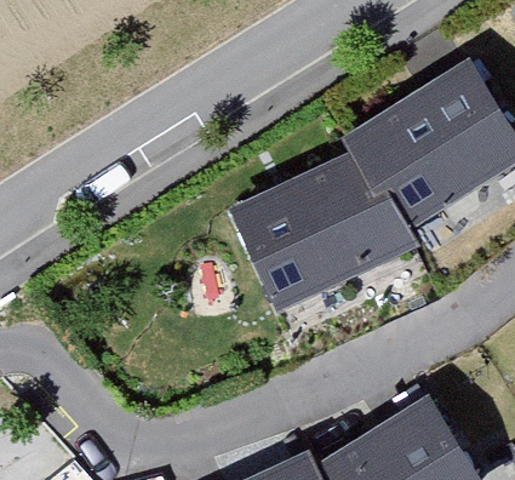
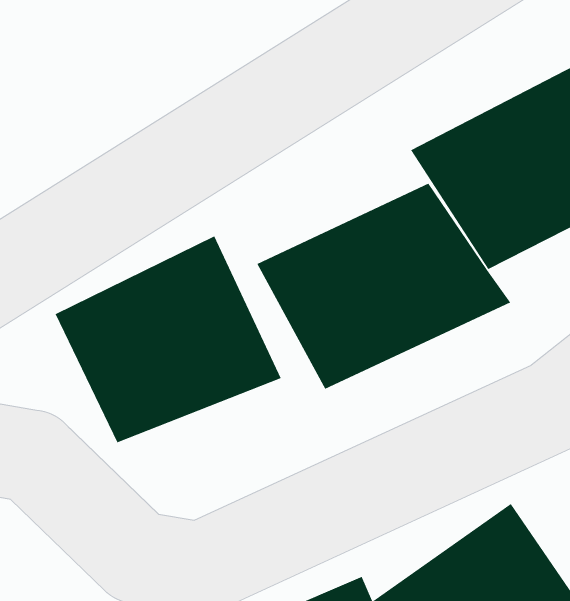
building: none -> [55,235,282,443]

